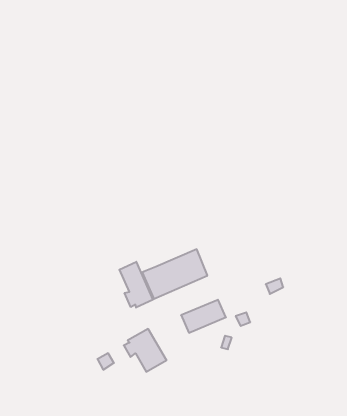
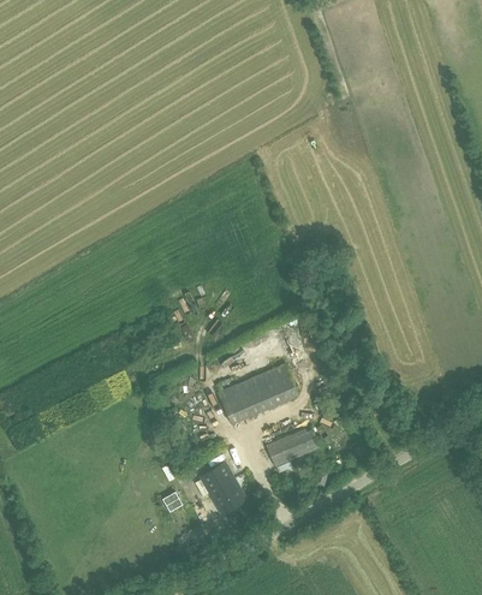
building: [119,262,153,308] -> none

